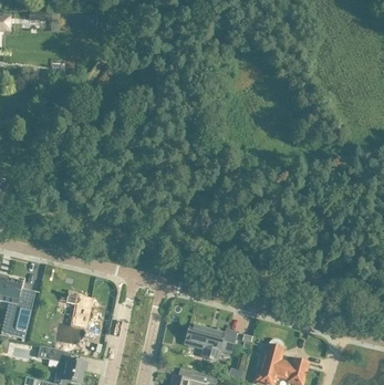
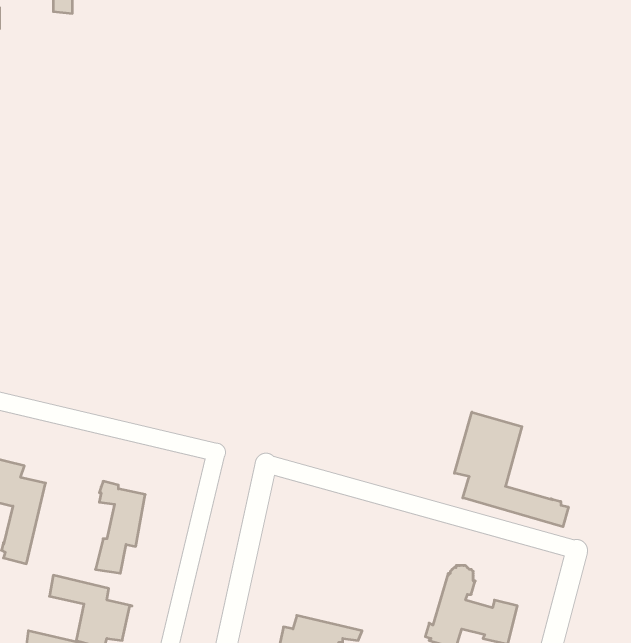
building: none -> [454,412,568,527]
building: [184,322,236,360] -> none

